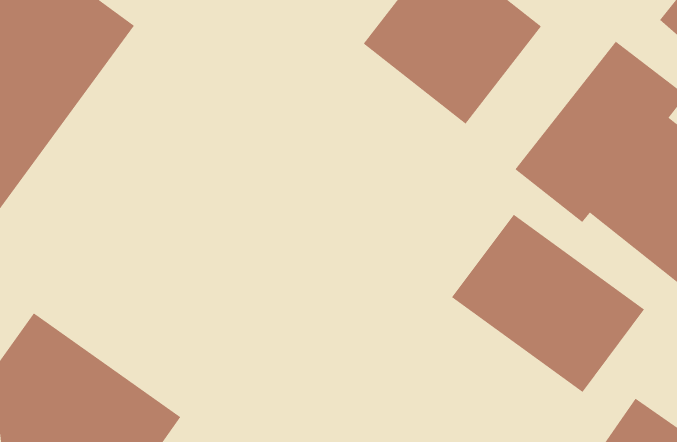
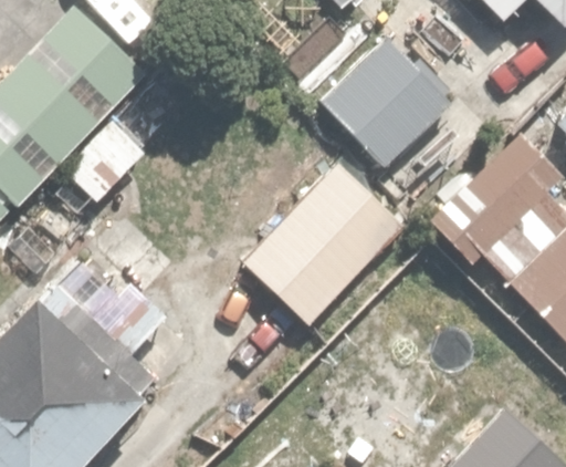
building: none -> [241,156,408,325]
building: [451,214,645,393] -> none

